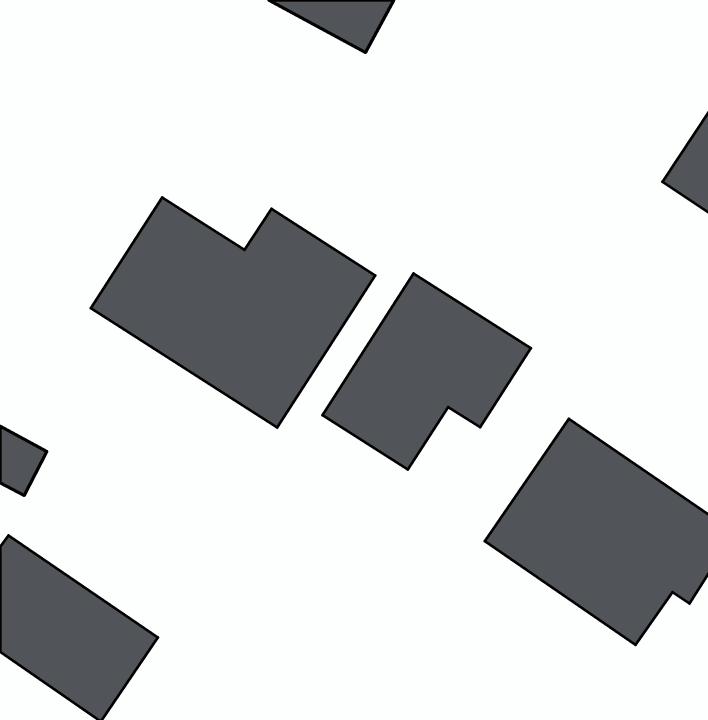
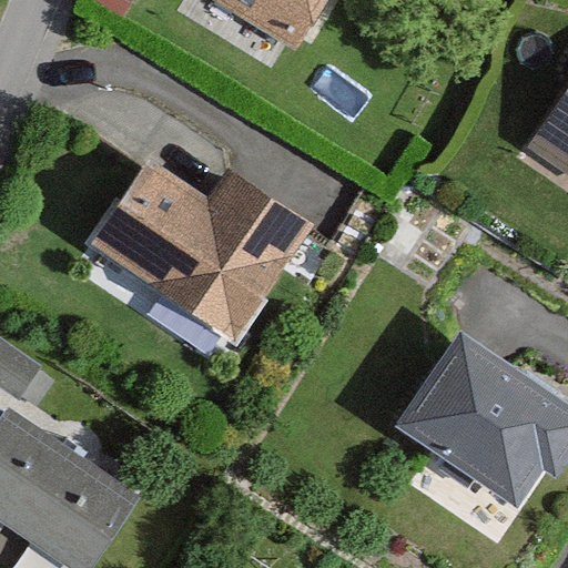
building: [323,274,531,470] -> none

